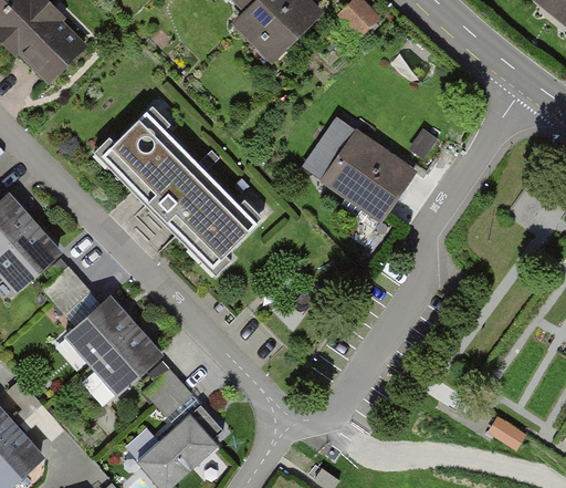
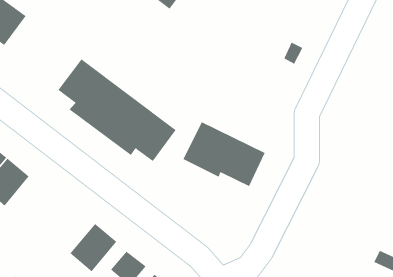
building: [304,121,413,215] -> [182,121,266,187]
building: [44,268,91,314] -> none
building: [69,300,134,363] -> none

